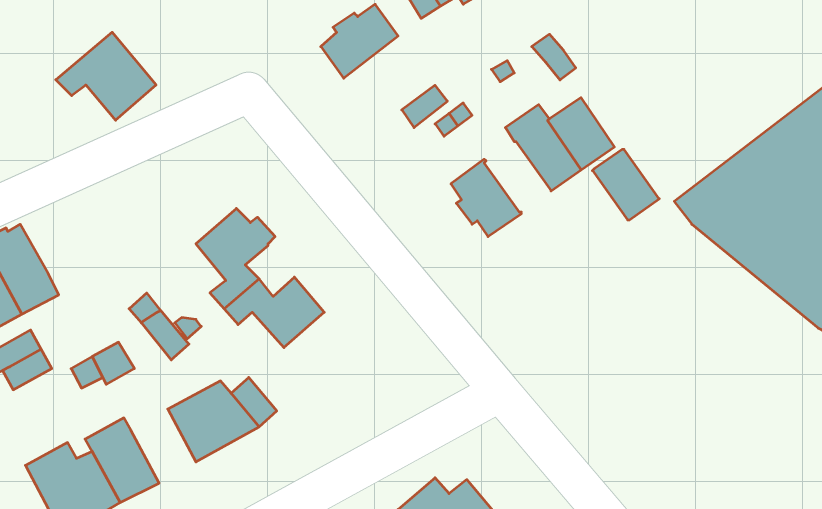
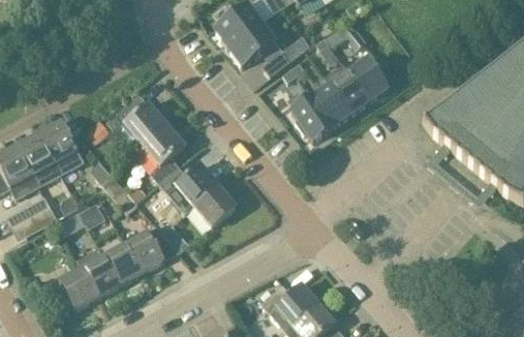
building: [56,32,156,120] -> [106,93,165,145]
building: none -> [228,23,275,66]
building: [592,149,659,220] -> [311,85,350,126]
building: none -> [38,122,83,175]
building: none -> [193,185,236,228]
building: none -> [103,242,142,285]

